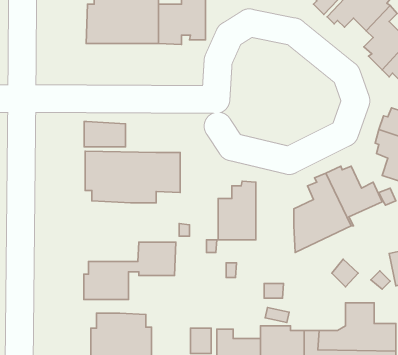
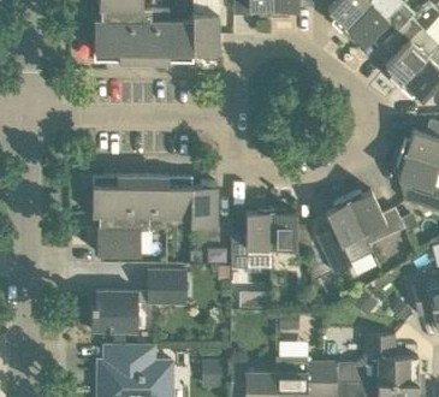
building: [84,121,126,147] -> [97,227,141,254]
building: none -> [192,182,218,226]
building: none -> [272,208,312,255]

